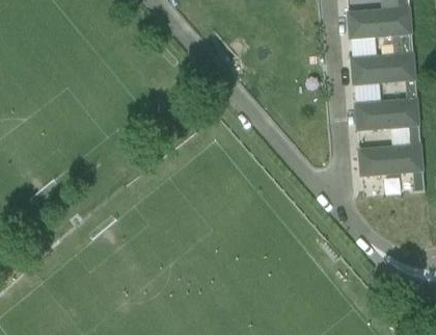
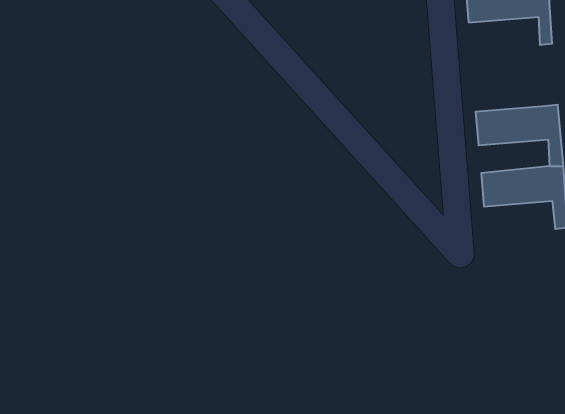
building: [352,54,416,101] -> none

